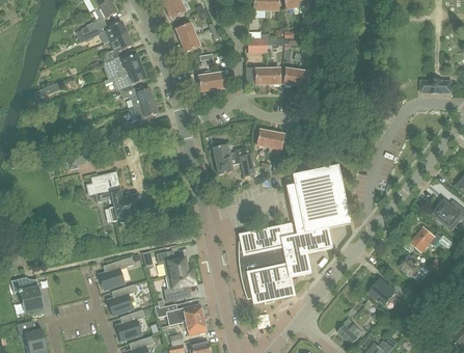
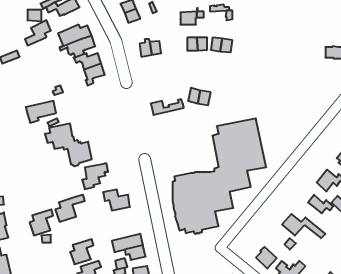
building: [102,32,133,62] -> [25,20,51,45]
building: [216,153,254,176] -> none
building: [163,270,194,301] -> [82,163,108,189]
building: [108,283,136,315] -> [30,209,53,235]

